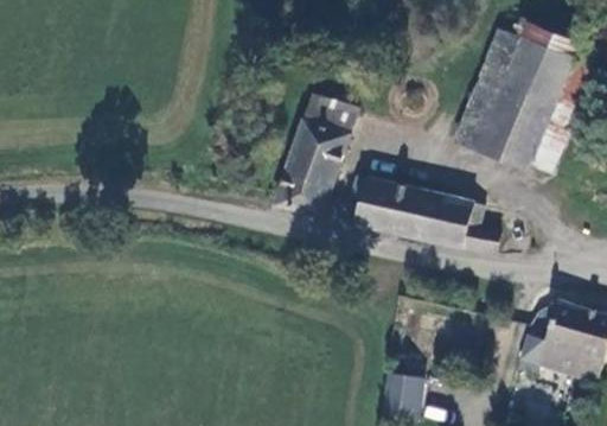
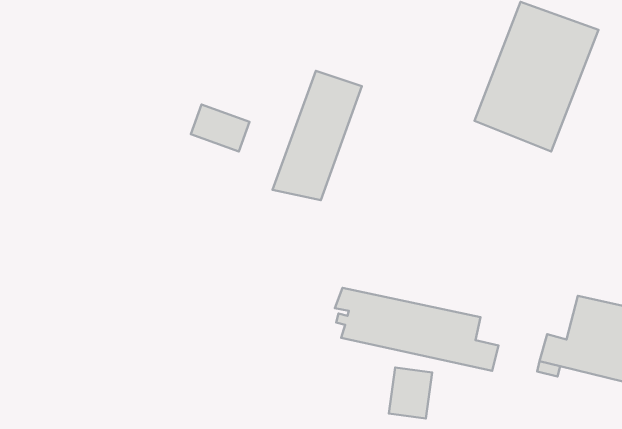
building: none -> [191,105,250,152]
building: [346,174,498,252] -> [335,288,498,371]

